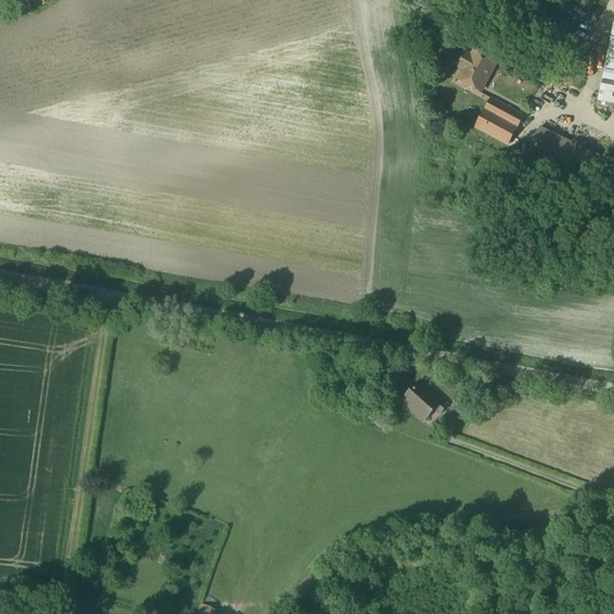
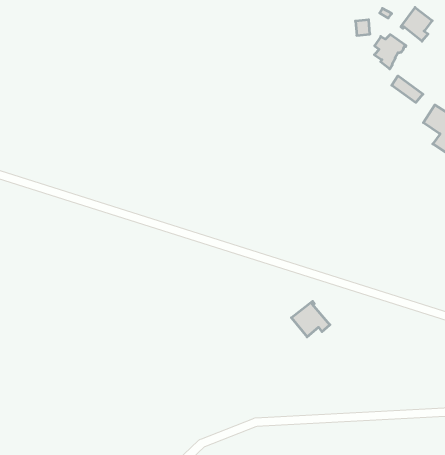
building: none -> [401,7,432,41]
building: [474,110,514,144] -> none

